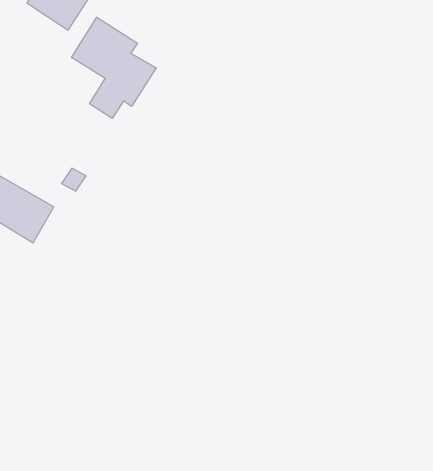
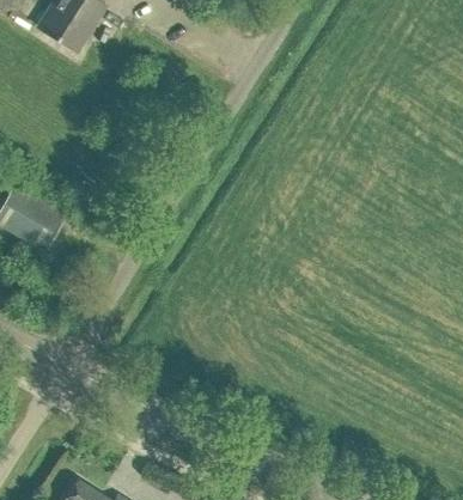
building: [71,17,156,118] -> none

